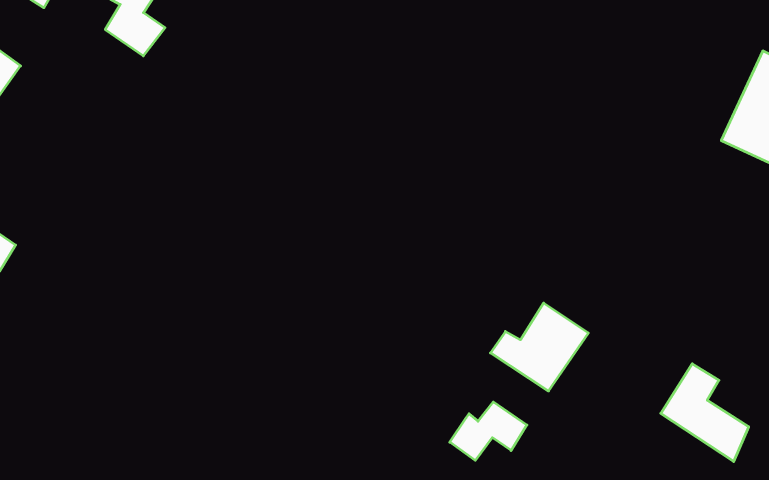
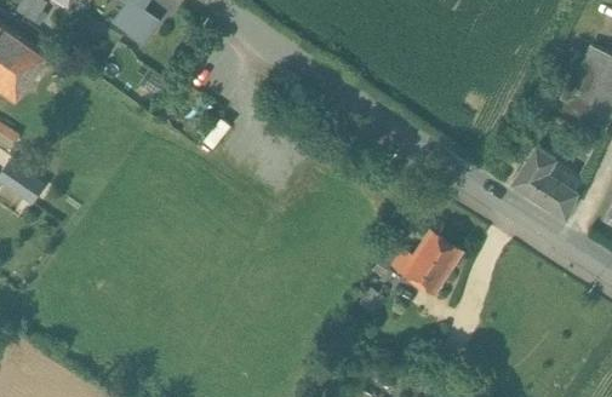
building: [661,364,749,462] -> [514,145,578,217]
building: [450,402,527,460] -> none

